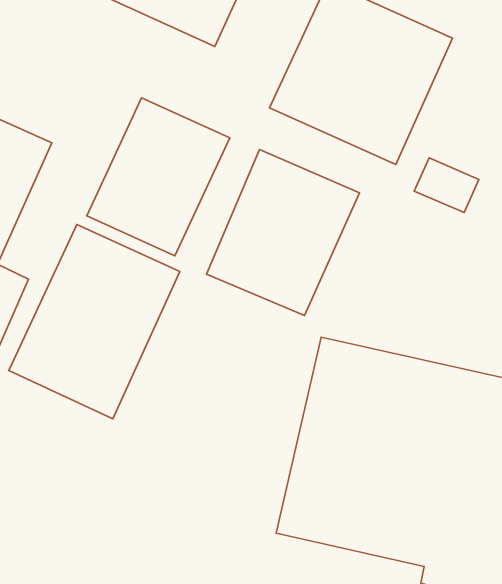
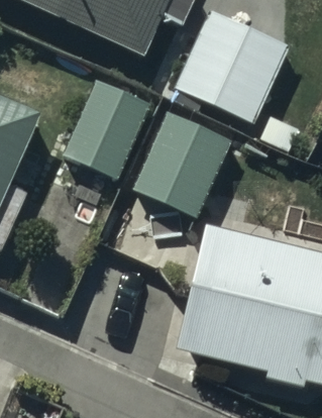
building: [9,224,180,419] -> none

